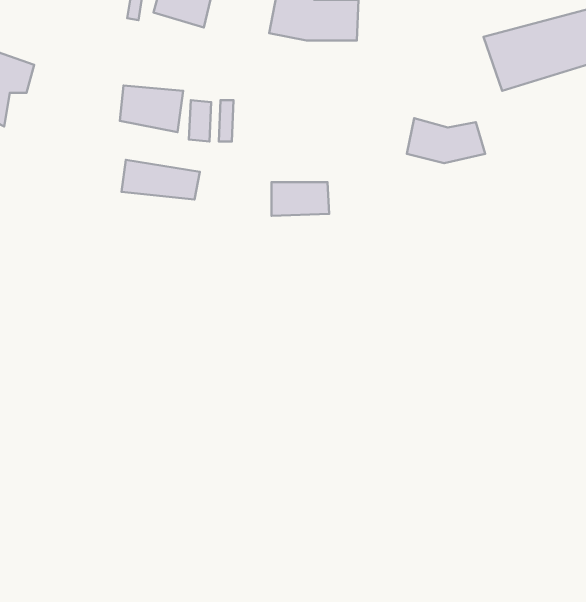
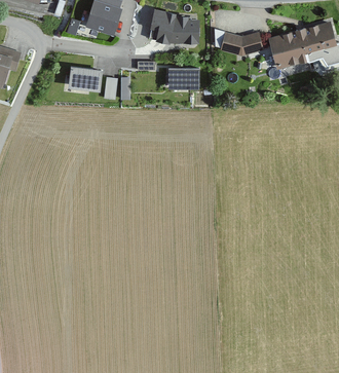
building: [407,118,485,163] -> [220,31,263,55]
building: [121,160,200,199] -> none
building: [271,182,329,216] -> [166,69,198,87]

